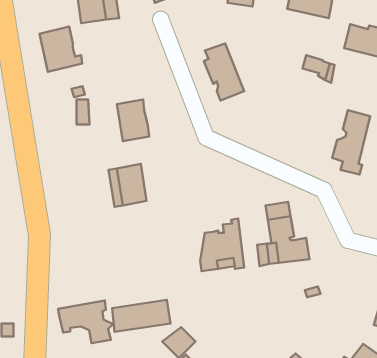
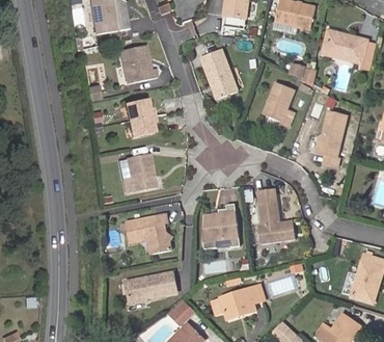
building: [39,27,82,72] -> [117,43,155,82]
building: none -> [262,83,295,127]
building: [58,300,113,343] -> [122,213,170,251]
building: none -> [212,287,259,319]

